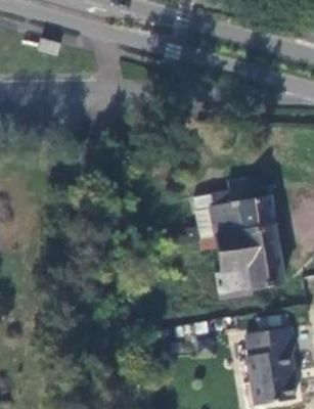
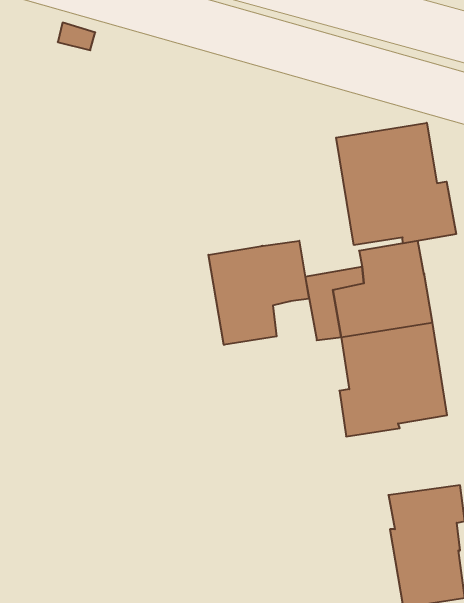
building: none -> [336,123,456,245]
building: none -> [208,241,309,345]

